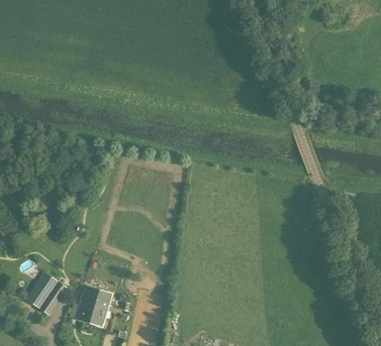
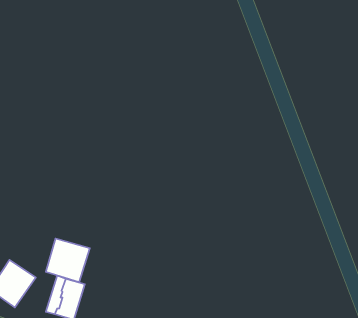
building: none -> [46,239,90,282]

